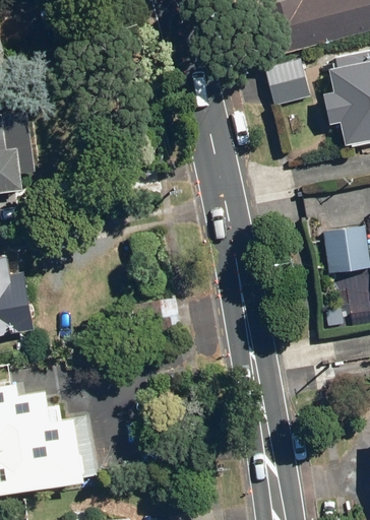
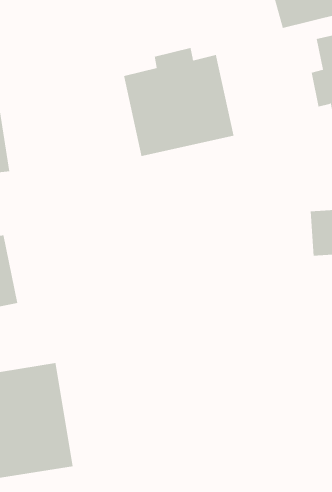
building: [263,59,311,109] -> none
building: none -> [124,47,234,157]

